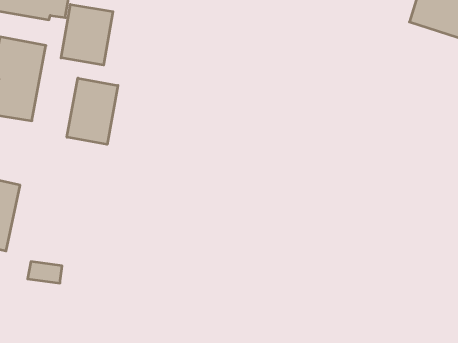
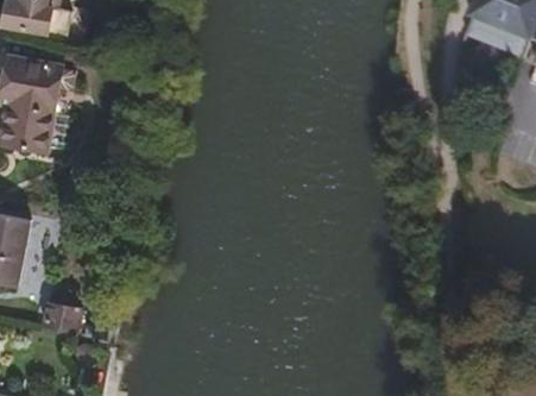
building: [61,4,113,65] -> none
building: [67,78,118,144] -> none

